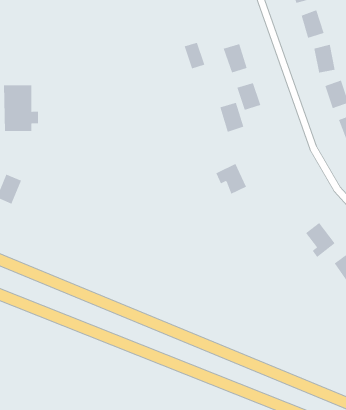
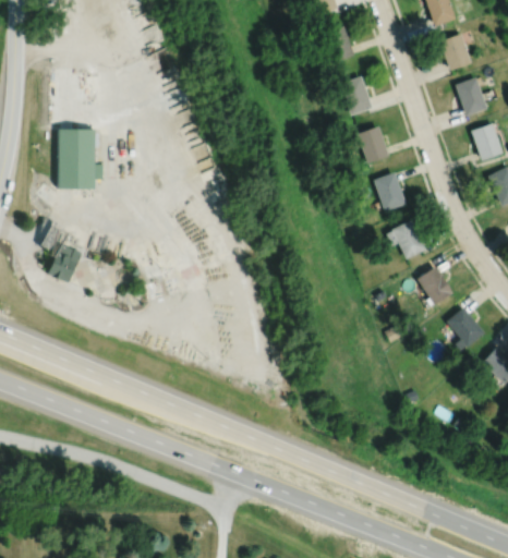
building: [184,42,205,69] -> [327,26,354,61]
building: [220,102,244,133] -> [374,172,406,211]
building: [216,163,247,194] -> [386,219,426,259]
building: none -> [416,266,453,305]

